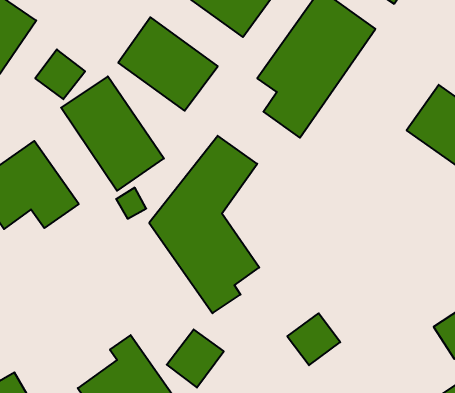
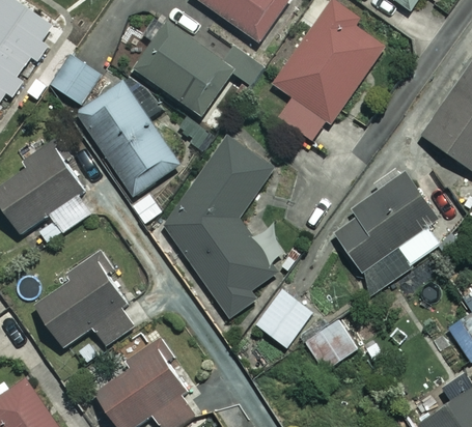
building: none -> [332,173,449,278]
building: none -> [32,261,137,348]
building: [167,329,224,388] -> [255,289,312,347]

